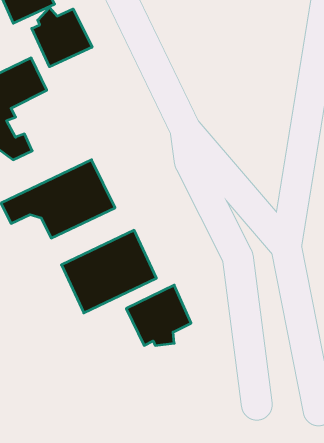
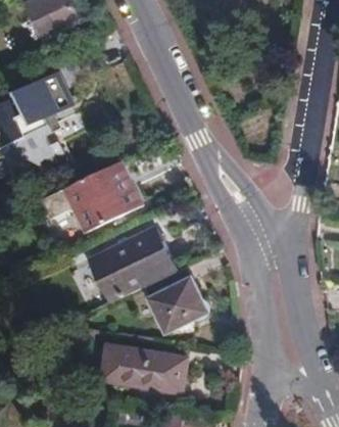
building: [32,8,92,67] -> none
building: none -> [102,347,182,385]

